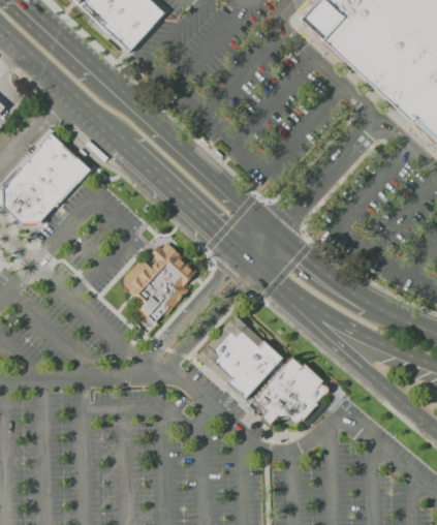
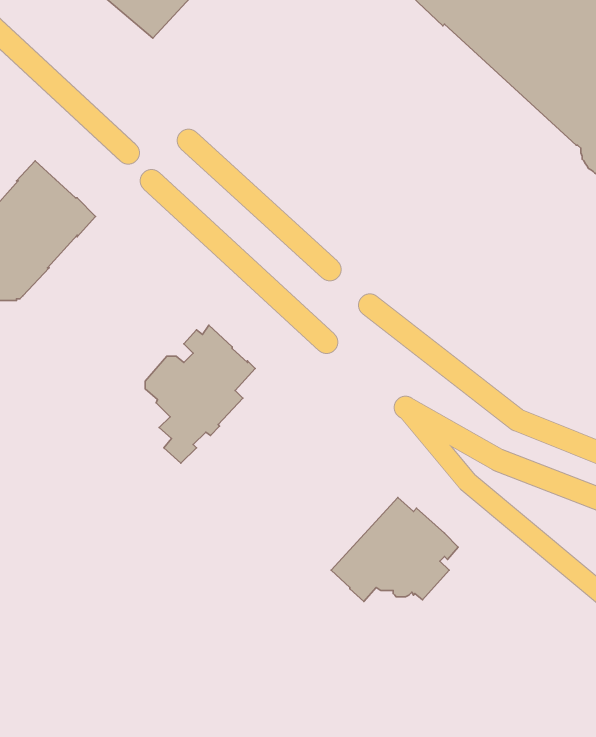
building: [197,314,283,400] -> none

